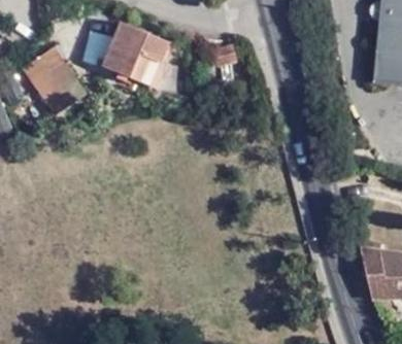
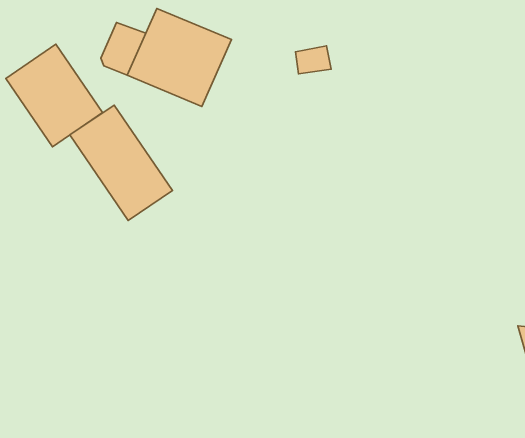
building: none -> [70,105,173,220]

